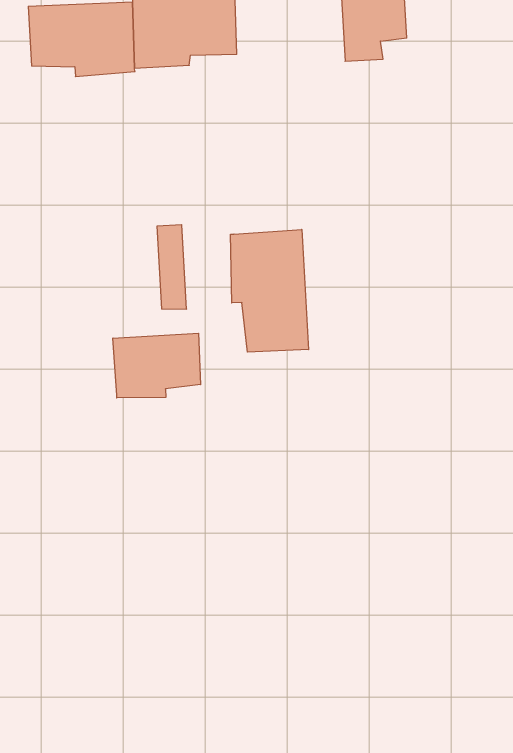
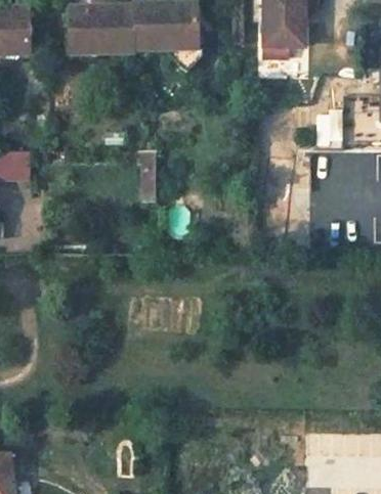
building: [231,229,309,352] -> none
building: [113,333,201,398] -> none

